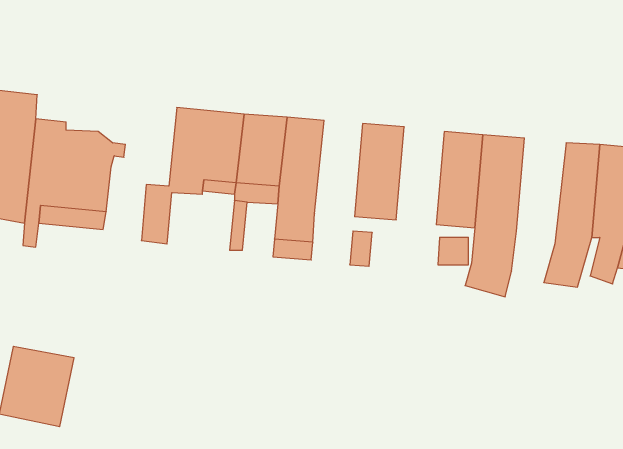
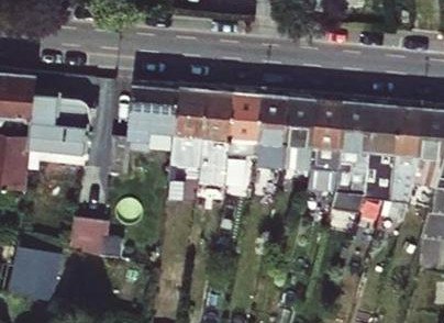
building: none -> [225,91,258,157]
building: none -> [281,96,314,169]
building: none -> [364,103,398,202]
building: none -> [69,220,102,257]

